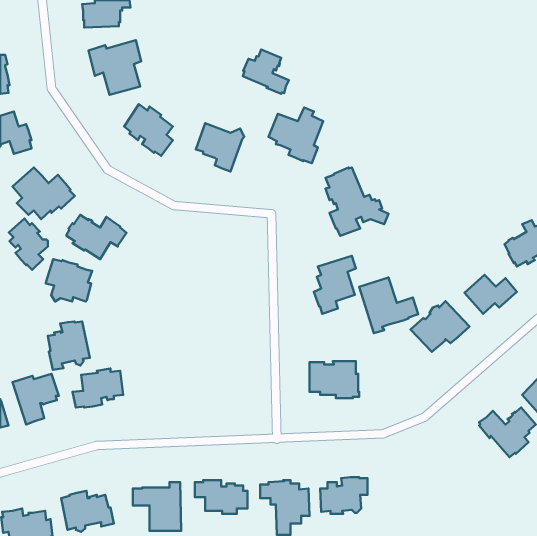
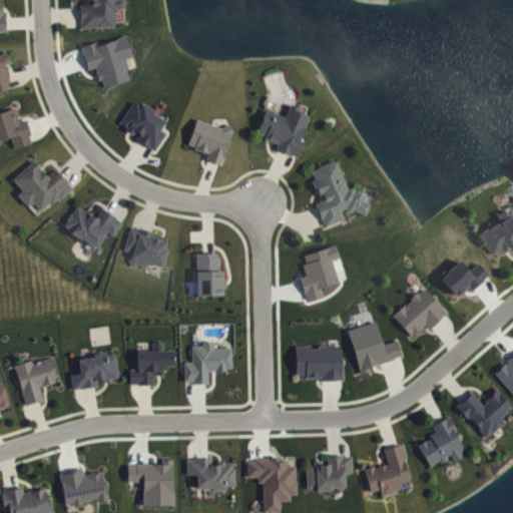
building: [243,50,289,94] -> none
building: [9,218,48,270] -> none
building: [46,259,92,301] -> [123,227,167,268]
building: none -> [193,253,226,297]
building: [359,277,418,333] -> [347,322,403,375]
building: [48,321,90,370] -> none
building: none -> [129,342,174,386]
building: none -> [184,343,231,384]
building: none -> [418,419,463,467]
building: none -> [364,445,410,496]

